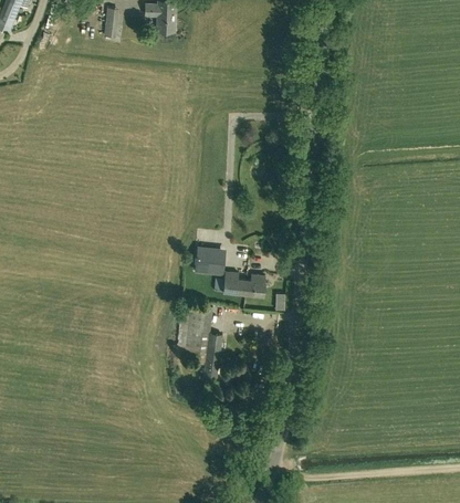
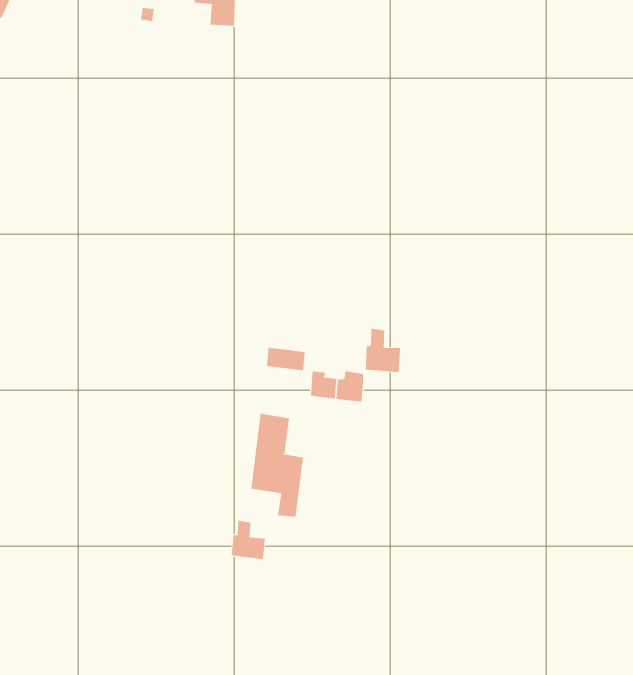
building: none -> [365,328,400,373]
building: none -> [231,520,266,560]

